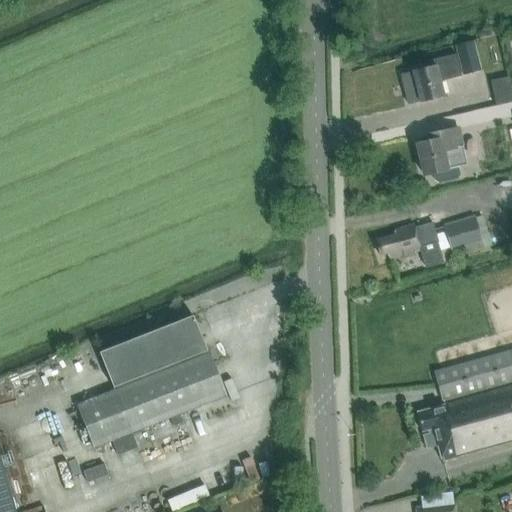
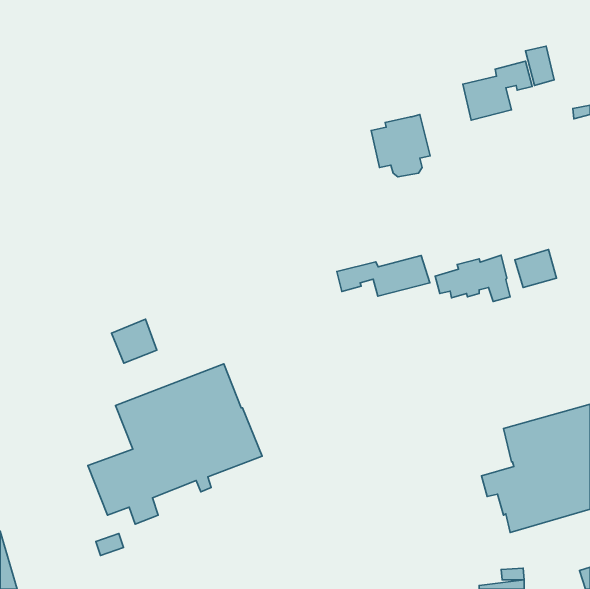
building: [416,127,467,181] -> [371,114,430,177]
building: none -> [337,255,430,296]
building: none -> [112,319,157,363]

